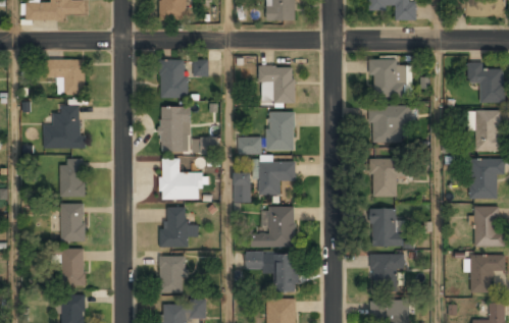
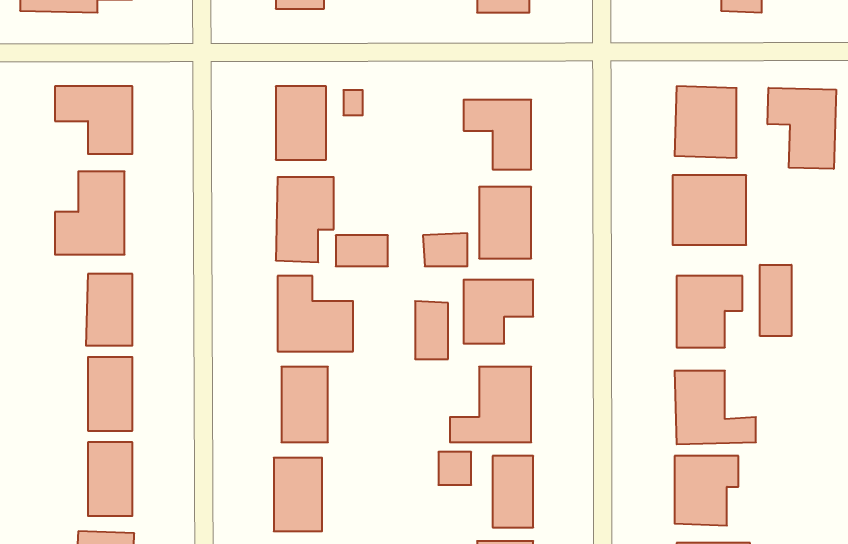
building: none -> [768,88,836,169]
building: none -> [760,265,791,336]

